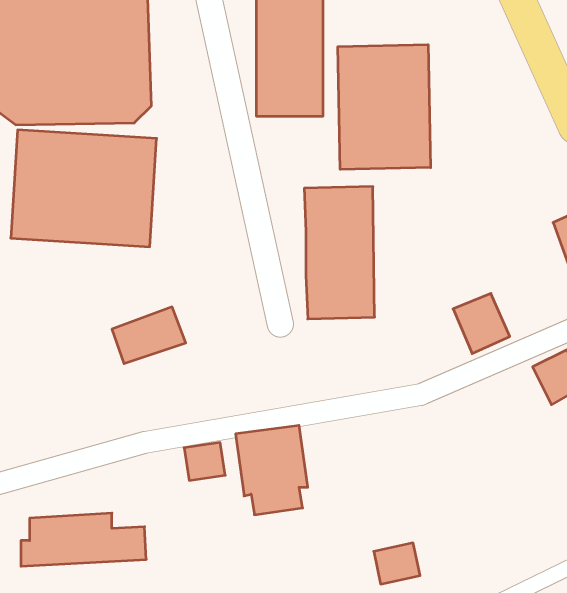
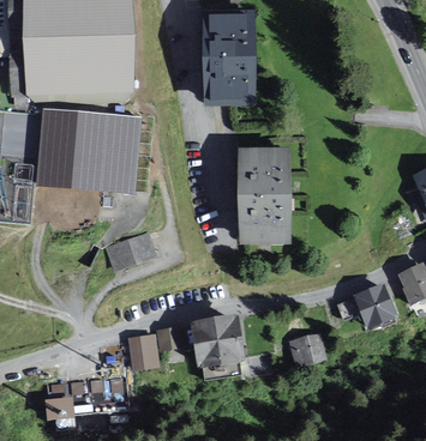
building: [338,45,431,169] -> none
building: [453,293,510,354] -> [355,284,395,326]
building: none -> [127,334,157,371]
building: [374,543,420,584] -> [290,336,323,364]

